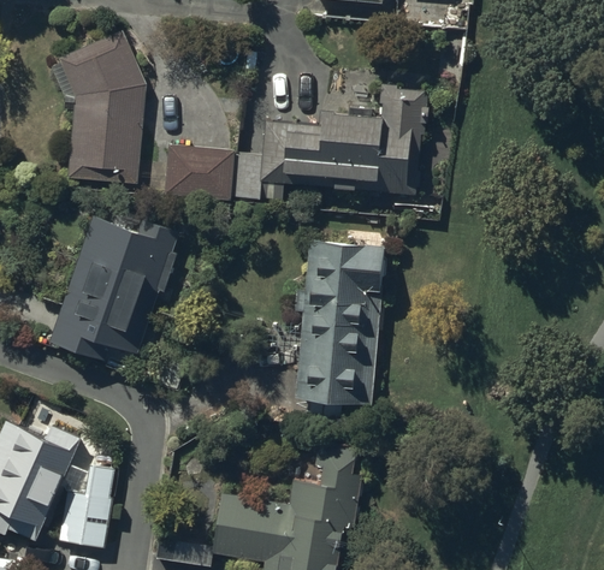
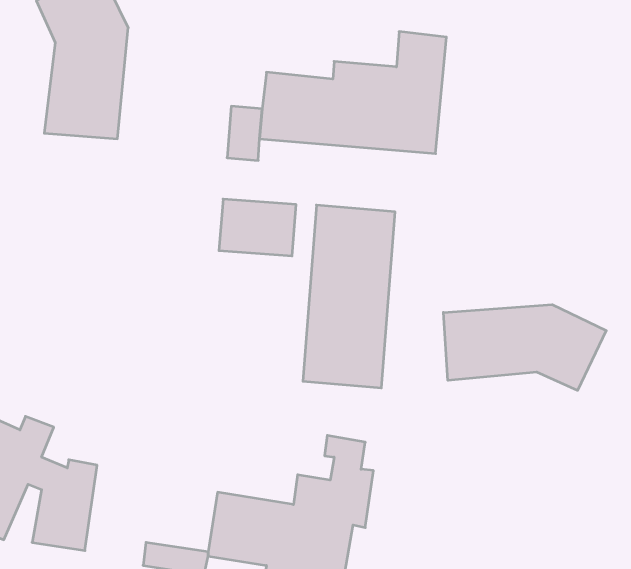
building: [166,148,235,198] -> [219,199,296,256]
building: [49,218,173,358] -> none
building: none -> [443,305,606,390]

